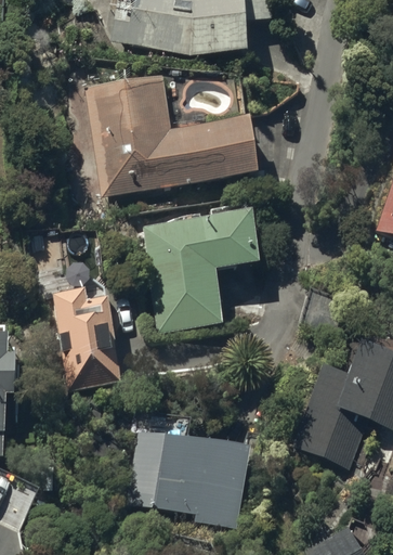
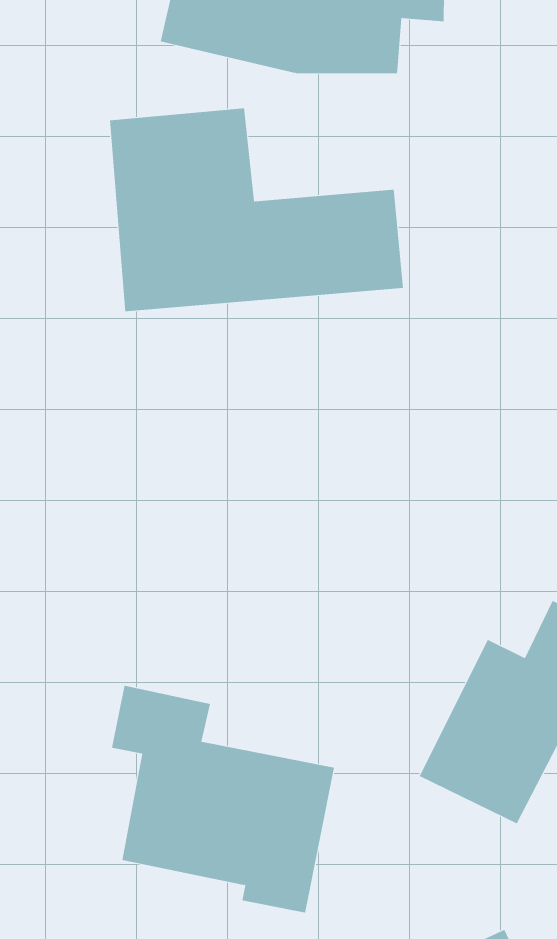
building: [143,206,261,332] -> none
building: [53,286,123,388] -> none

